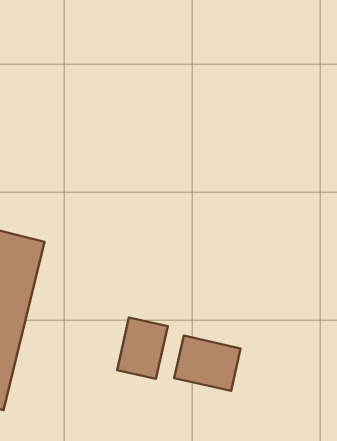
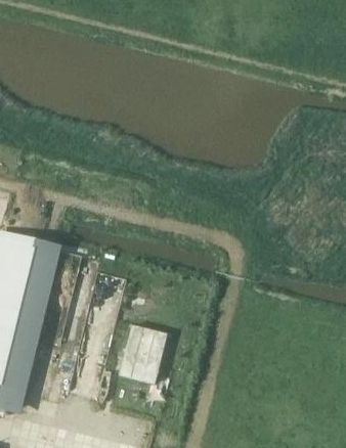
building: [174,336,241,391] -> none

